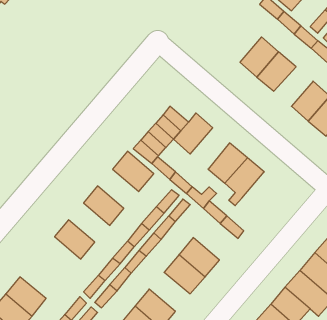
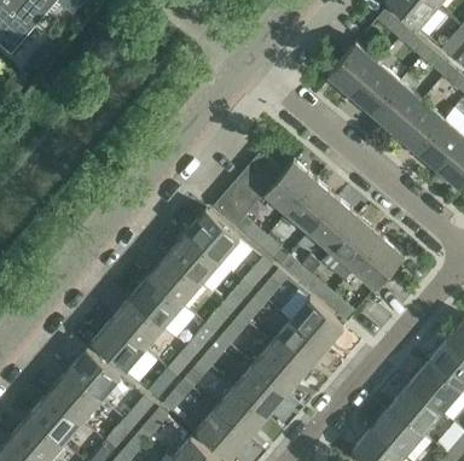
building: none -> [327,43,378,95]
building: none -> [394,101,445,152]
building: none -> [286,180,337,233]
building: none -> [167,233,220,284]
building: none -> [353,237,404,290]
building: none -> [129,276,195,338]
building: none -> [279,290,343,350]
building: none -> [92,320,157,383]
building: none -> [66,349,120,399]
building: none -> [233,366,286,416]

